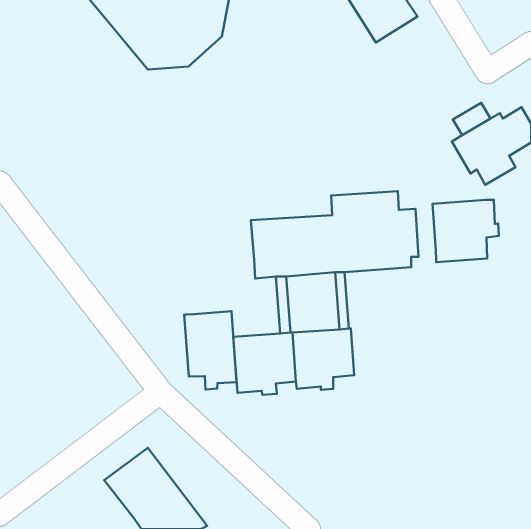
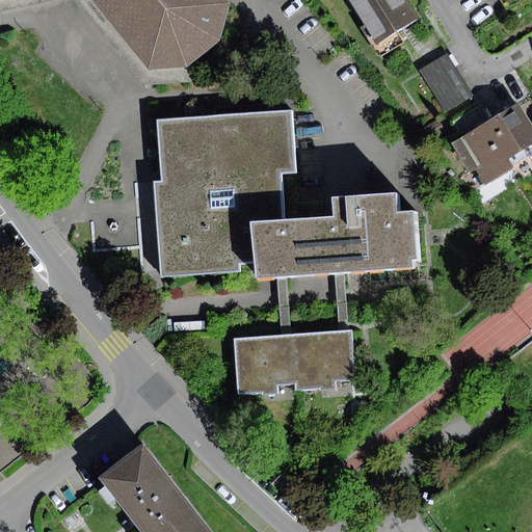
building: none -> [420,54,472,111]
building: none -> [154,110,294,276]
building: [432,200,499,262] -> none
building: [184,311,236,389] -> none

